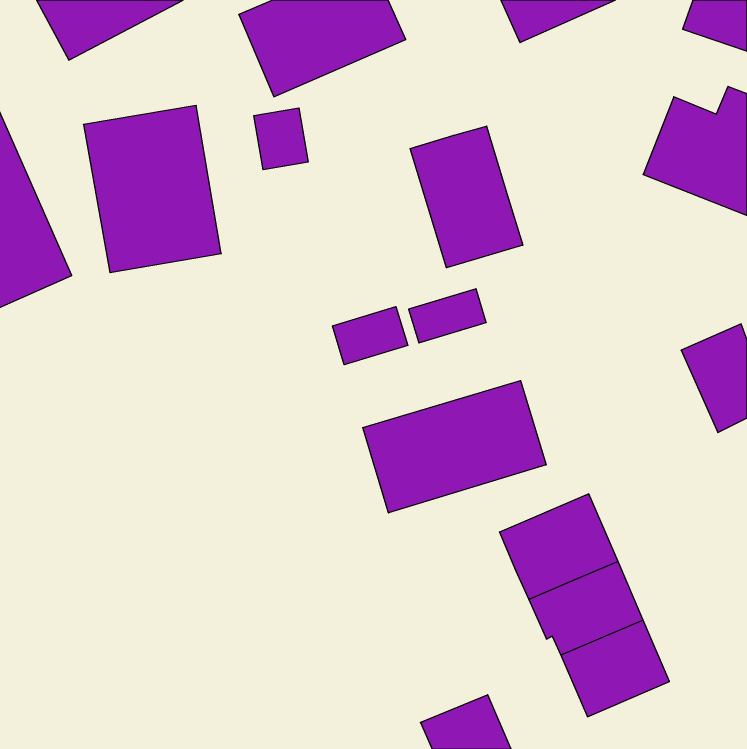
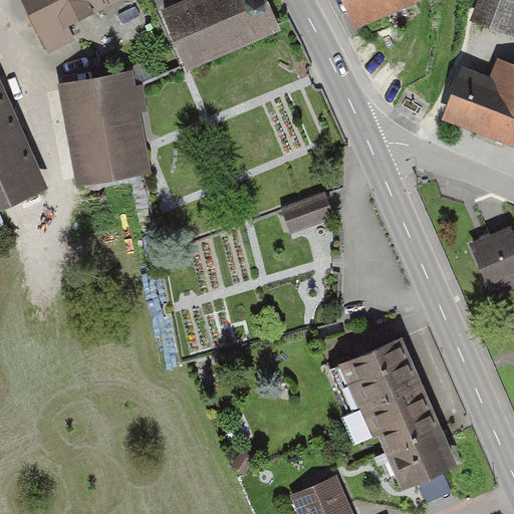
building: [254,108,308,170] -> none
building: [410,126,523,268] -> none
building: [332,307,408,365] -> none
building: [363,381,546,513] -> none

